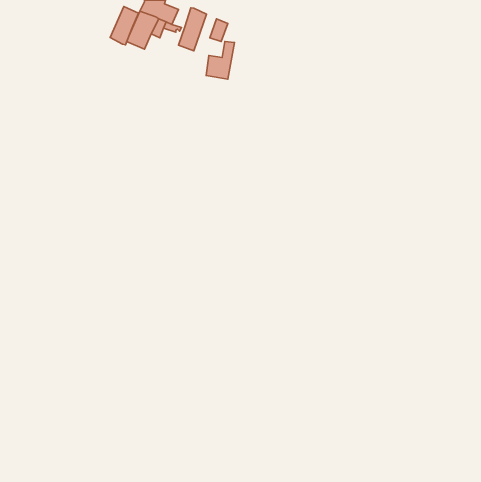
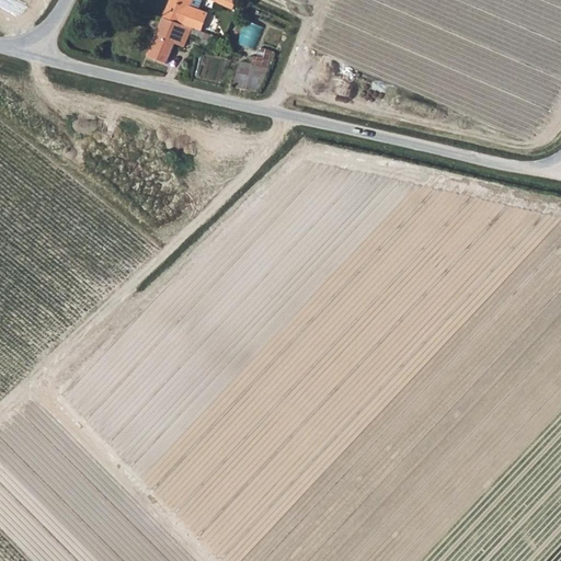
building: [110,6,138,45] -> none
building: [179,8,207,51] -> none

